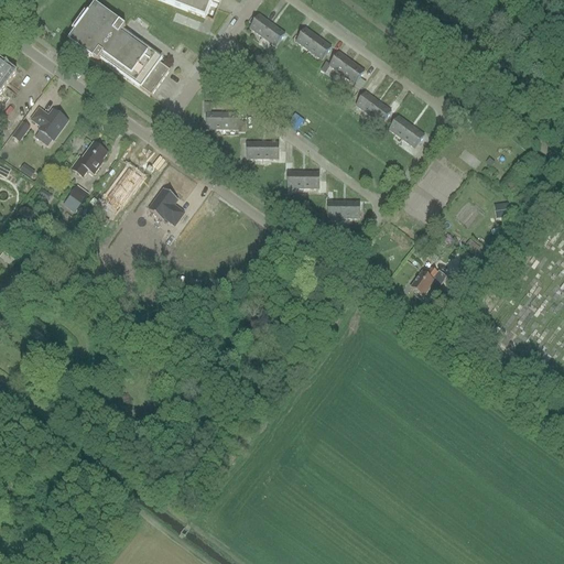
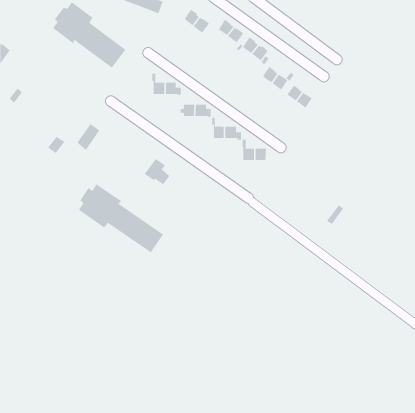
building: [31,106,66,137] -> none
building: [69,140,106,174] -> none
building: [148,187,183,224] -> [144,158,170,185]
building: none -> [78,184,164,253]
building: [412,265,446,294] -> none

